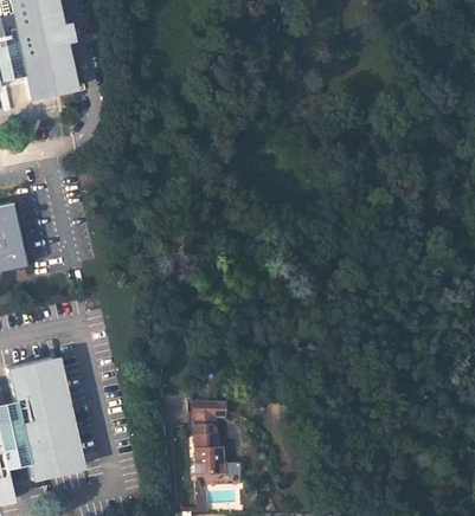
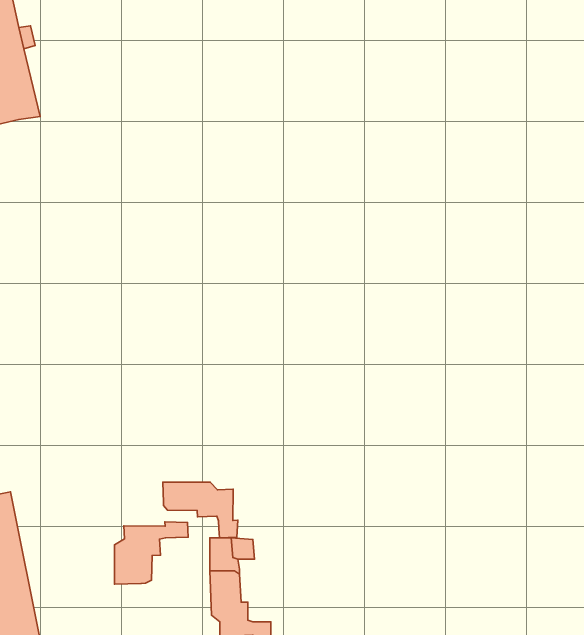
building: none -> [163,482,238,538]
building: none -> [114,522,188,584]

